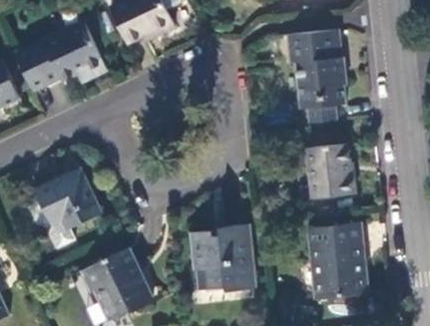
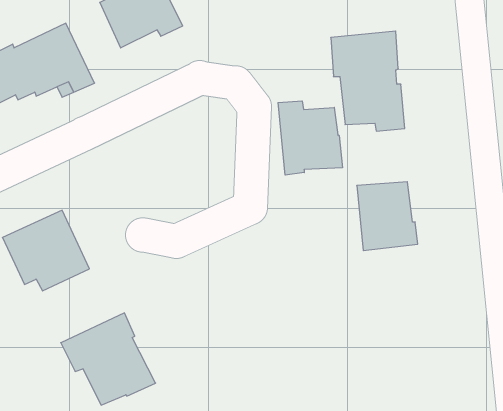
building: none -> [278,101,342,175]
building: [191,225,253,289] -> none
building: [308,226,366,299] -> none

